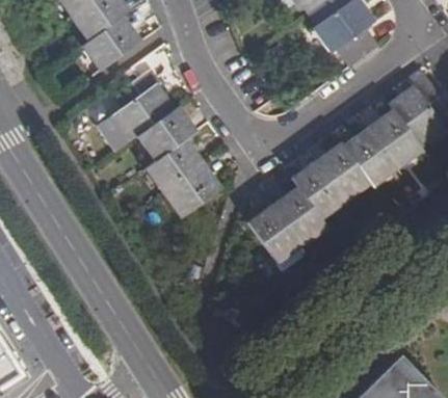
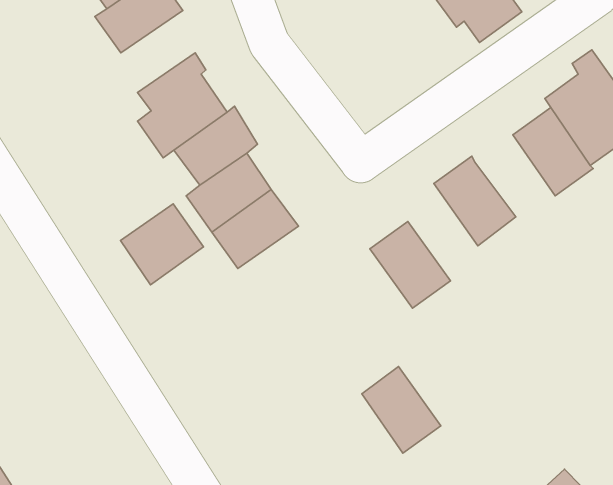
building: [342,127,397,186] -> none
building: [290,160,344,219] -> none
building: none -> [120,204,203,285]
building: [245,205,299,264] -> [362,367,441,453]

